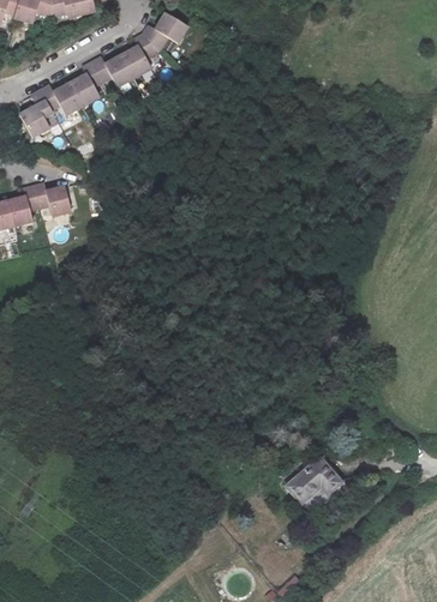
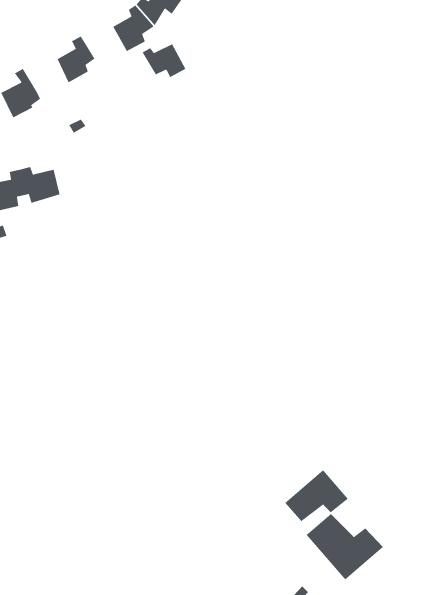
building: [92,53,134,85] -> [141,43,187,78]
building: [38,83,80,114] -> none
building: none -> [306,513,384,581]

